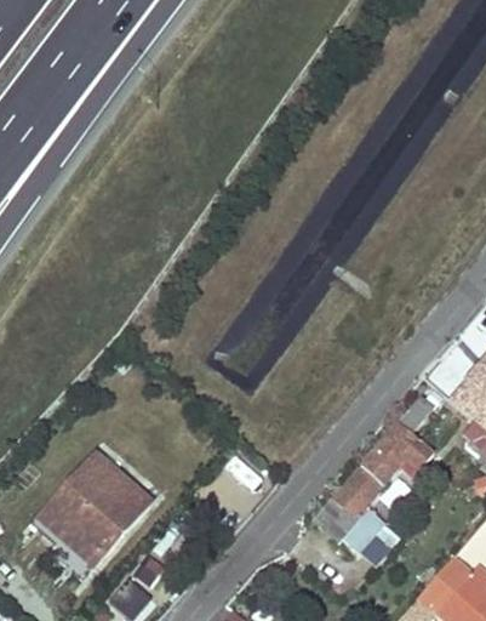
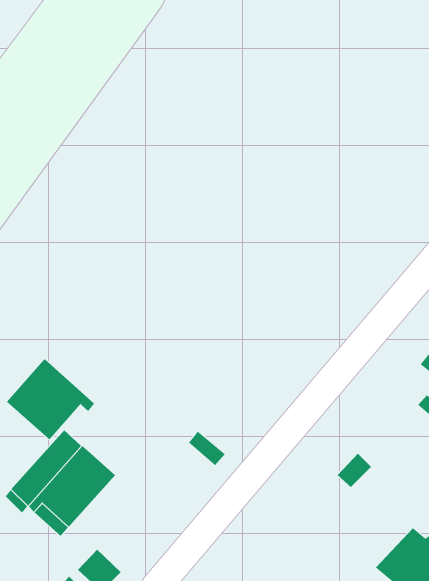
building: none -> [6,358,95,440]
building: [314,399,433,548] -> none

